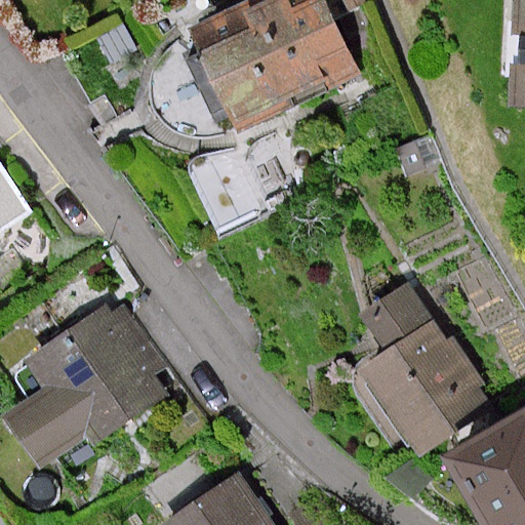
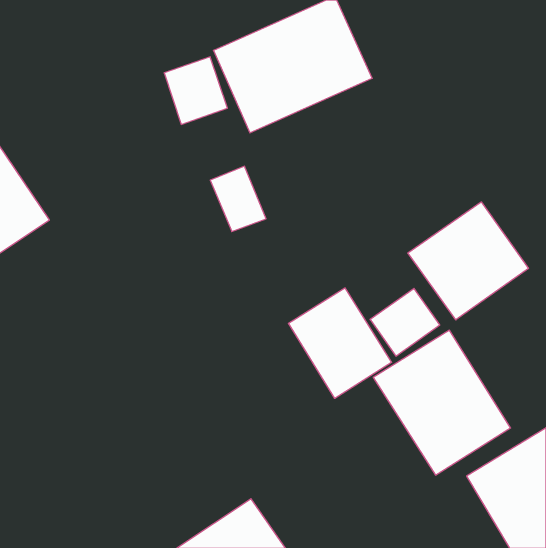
building: none -> [408,202,528,320]
building: none -> [288,288,392,398]
building: [9,304,163,463] -> none

